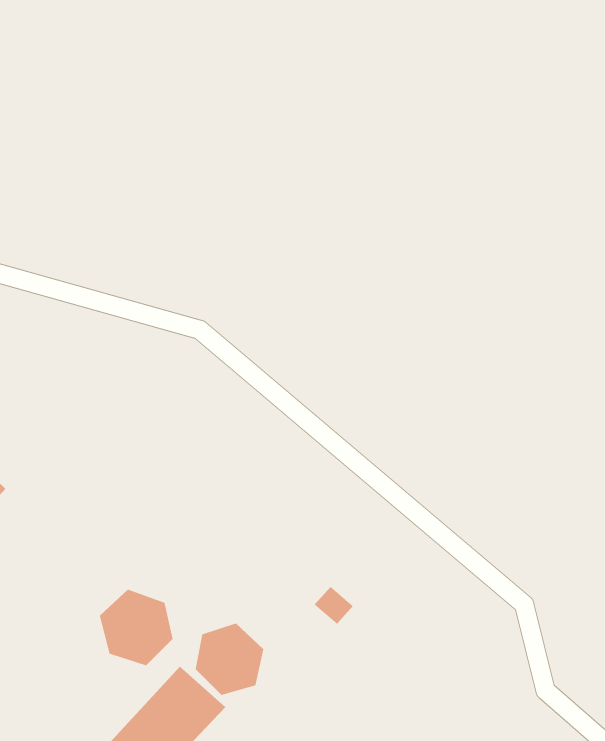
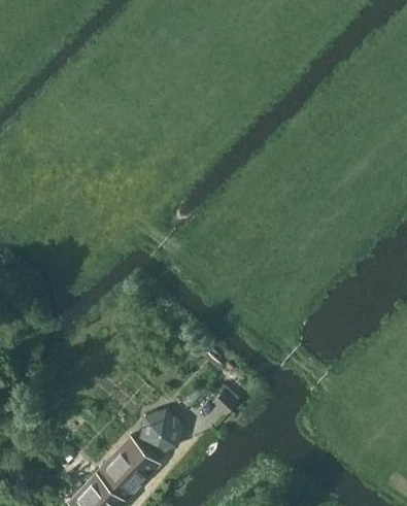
building: [99,589,173,666] -> none

